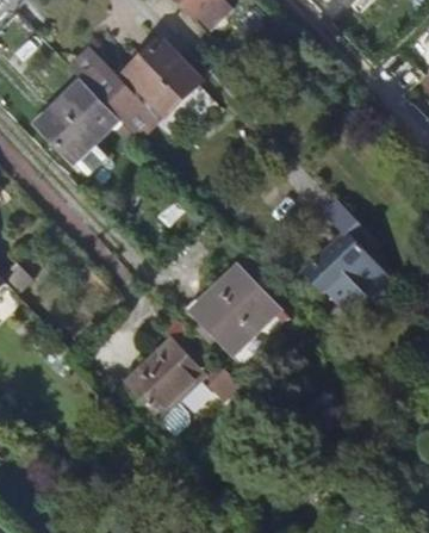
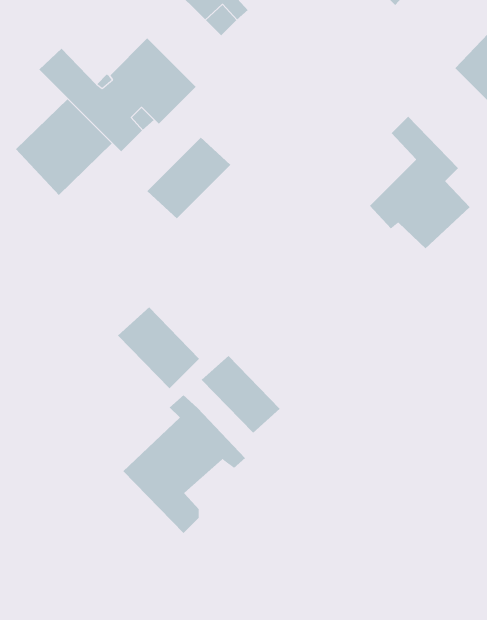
building: none -> [146,137,231,219]
building: [304,198,387,308] -> [369,116,471,249]
building: [216,269,284,337] -> [117,306,200,389]

